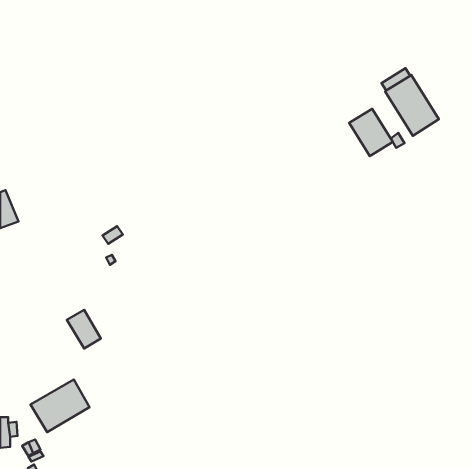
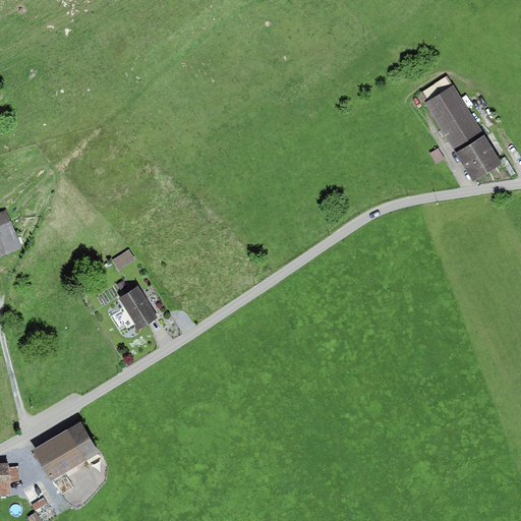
building: [349,109,393,156] -> none
building: none -> [455,134,502,180]
building: [67,310,101,348] -> [119,287,157,330]

